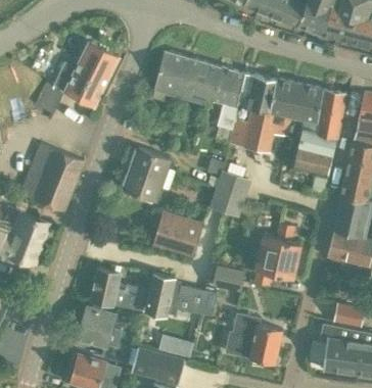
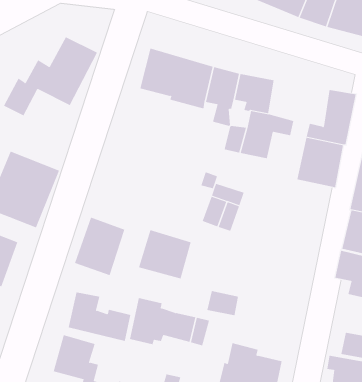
building: [269,81,322,123] -> none
building: [124,147,169,199] -> [74,217,125,276]
building: [253,224,300,285] -> none

